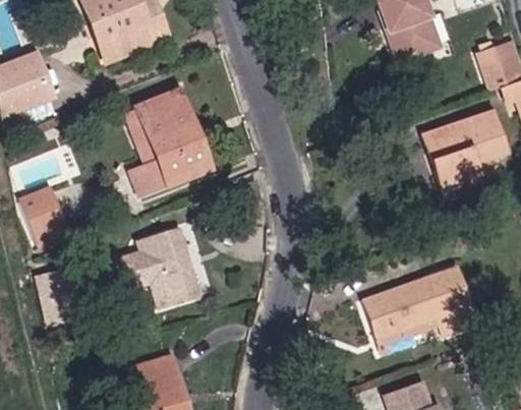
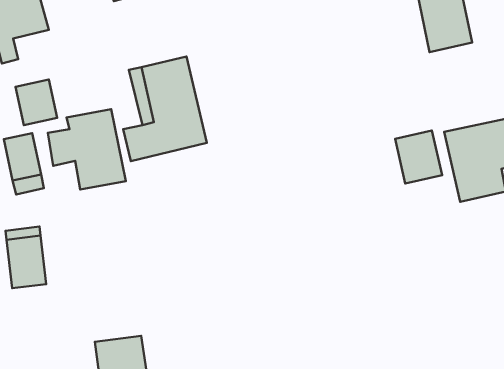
building: none -> [395,130,442,183]
building: none -> [16,80,57,125]
building: [128,229,206,306] -> [48,109,126,189]
building: [375,263,486,332] -> none

